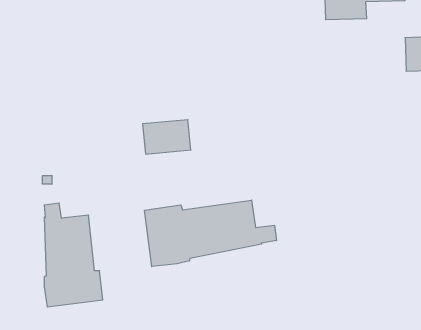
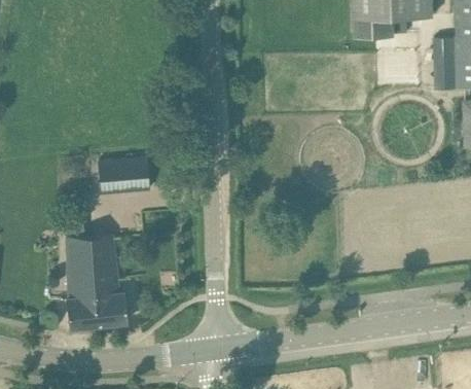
building: [143,120,191,154] -> [98,160,147,194]
building: [145,200,276,267] -> none

